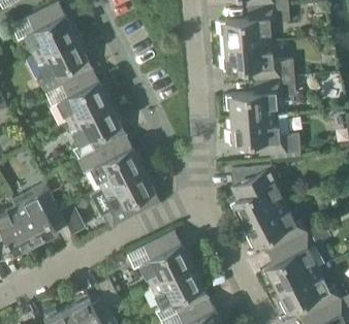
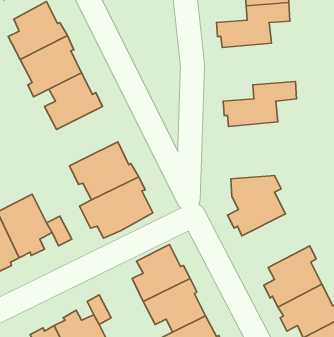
building: [221,41,292,80] -> none
building: [67,101,125,150] -> none
building: [227,115,298,155] -> none
building: [242,202,306,253] -> none

